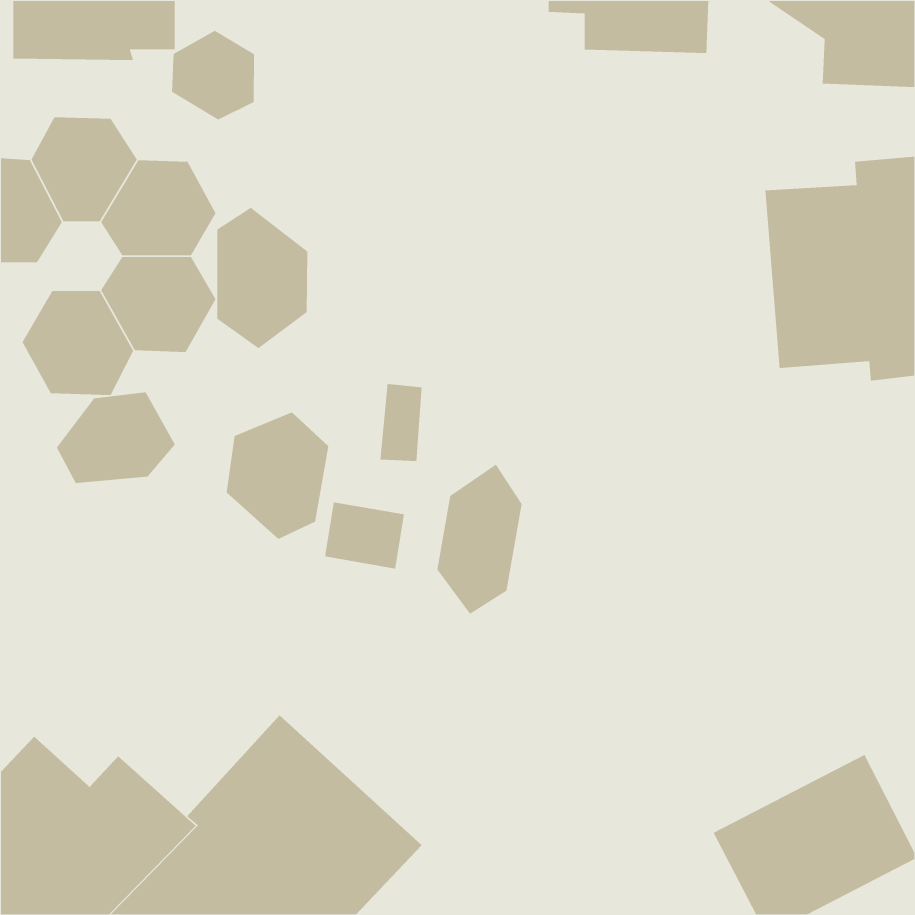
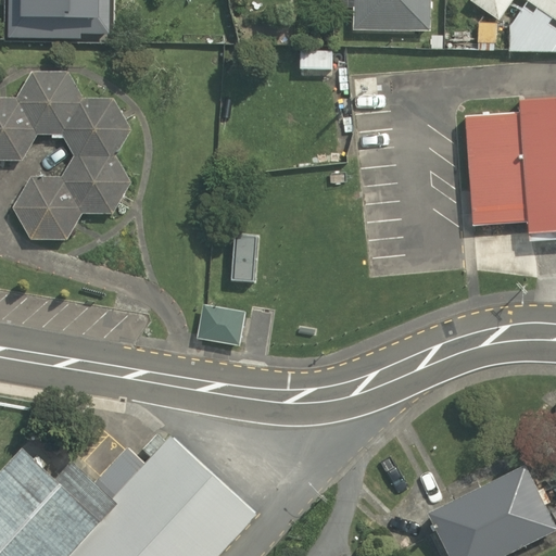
building: [171,30,255,120] -> none
building: [217,207,308,349] -> none
building: [56,391,176,484] -> none
building: [226,412,329,540] -> none
building: [437,463,522,615] -> none

